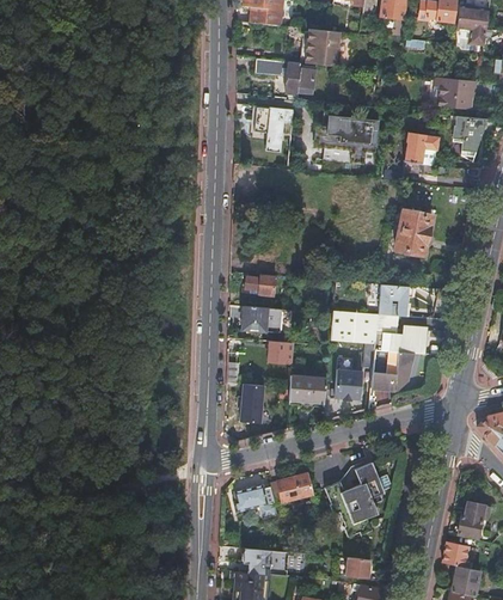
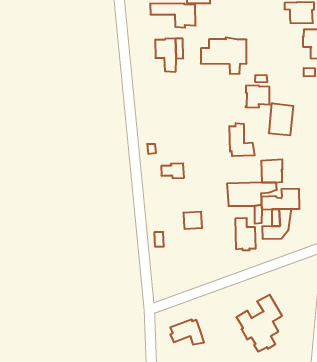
building: [404,131,438,163] -> [246,86,270,107]
building: none -> [229,123,255,156]
building: [241,305,282,332] -> none
building: [289,374,326,402] -> none
building: [237,382,264,423] -> none
building: [277,473,313,502] -> none

